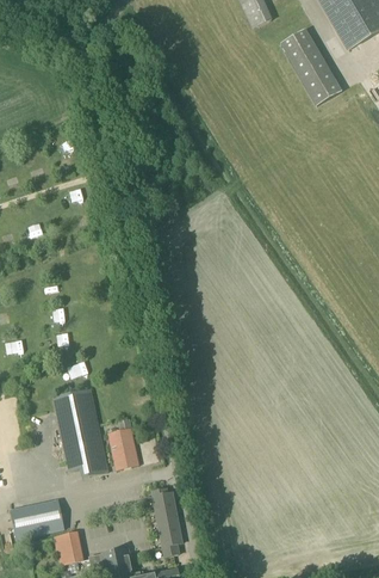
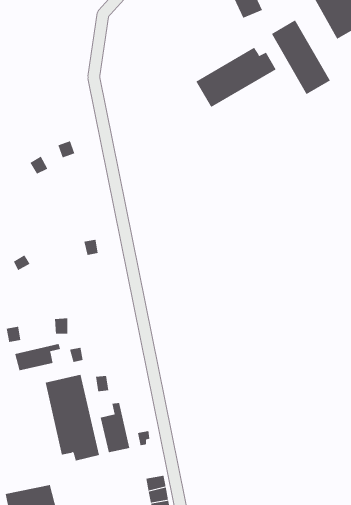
building: none -> [196,47,277,108]
building: none -> [15,343,61,371]

